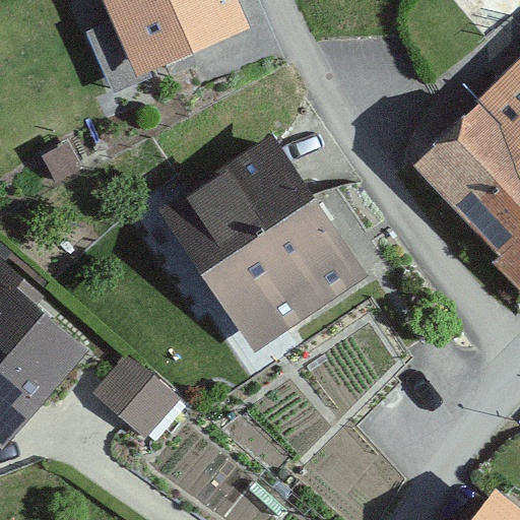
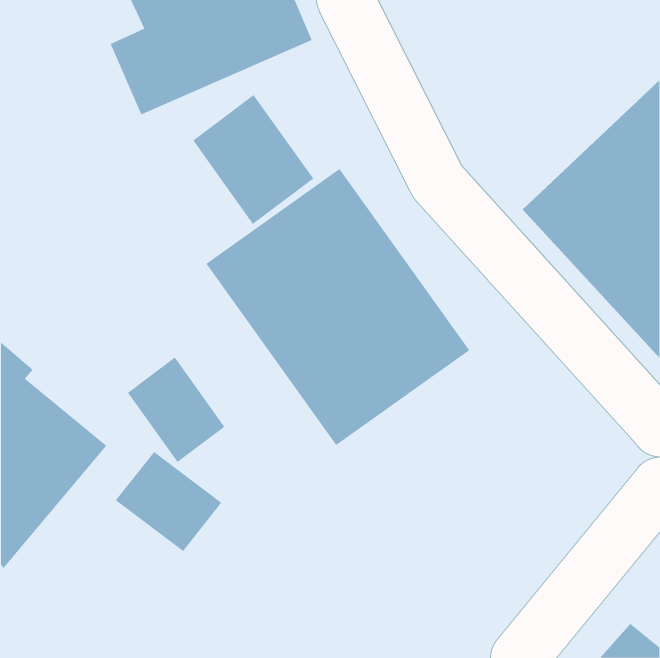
building: none -> [192,94,314,225]
building: none -> [127,357,225,463]

